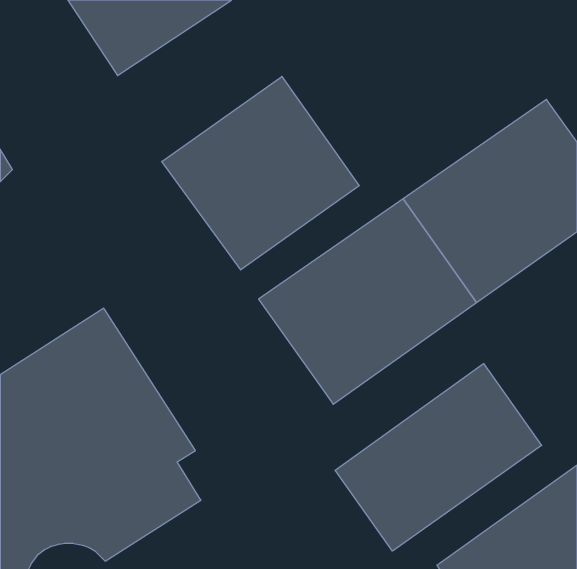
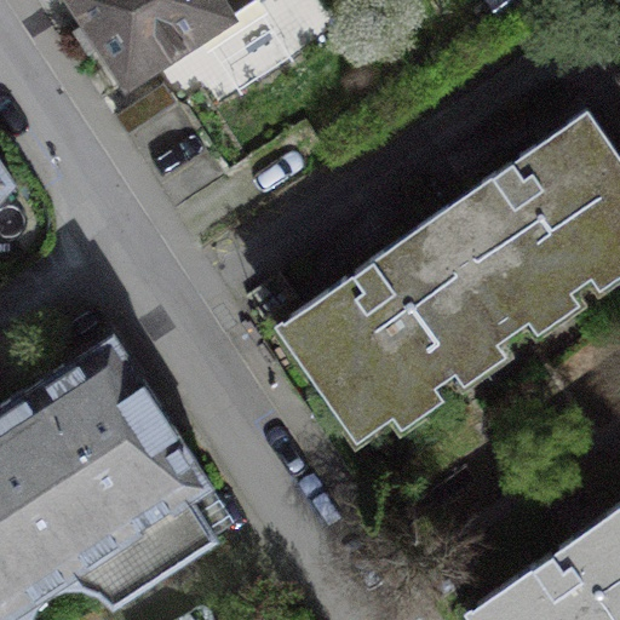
building: [162,76,359,270] -> none
building: [335,364,542,551] -> none

